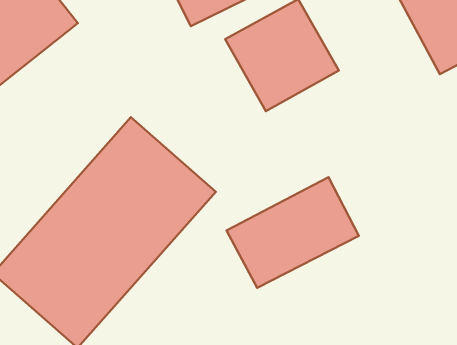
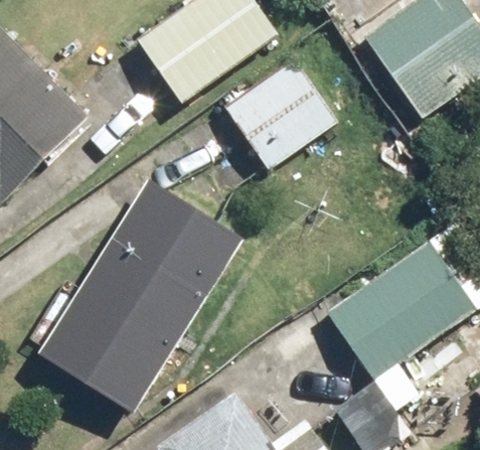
building: [226,177,359,288] -> [336,258,459,368]

